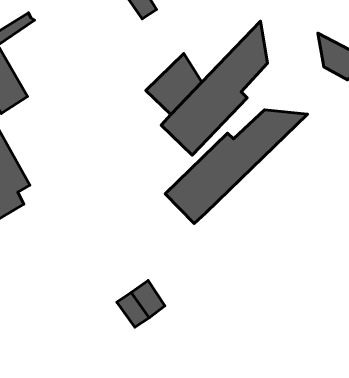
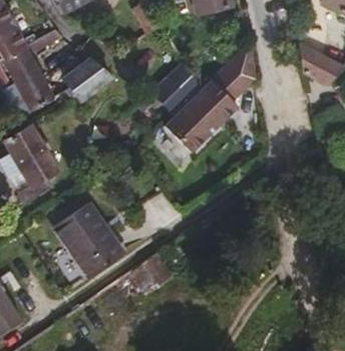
building: none -> [66,58,113,99]
building: [165,110,307,224] -> none
building: none -> [57,201,125,275]

